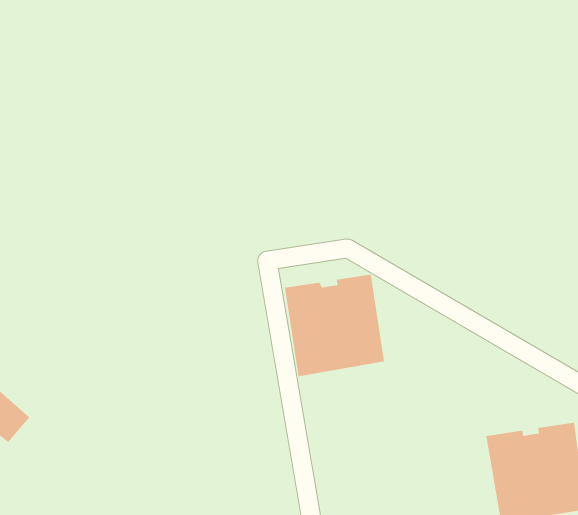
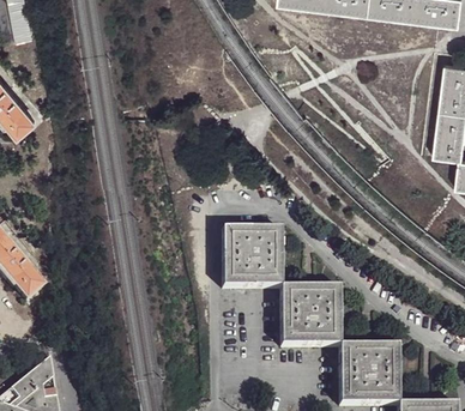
building: none -> [280,289,339,349]

